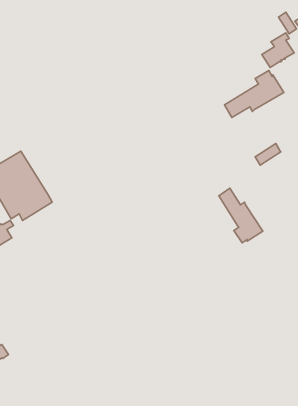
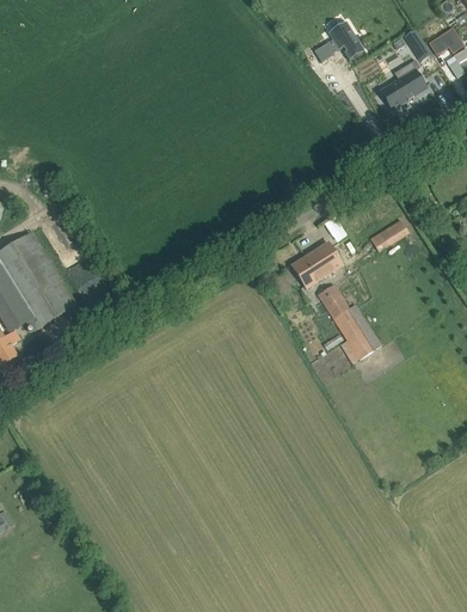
building: none -> [314,20,364,61]
building: [225,71,284,118] -> none
building: none -> [291,241,342,287]

